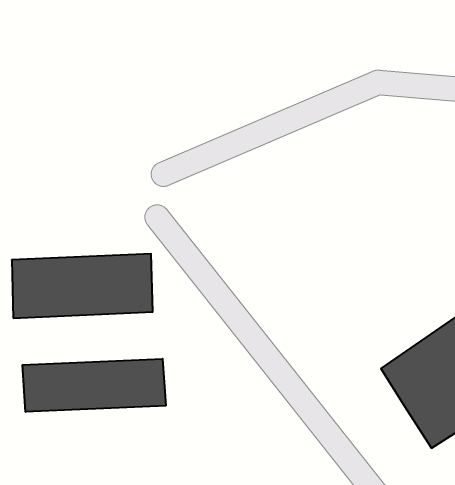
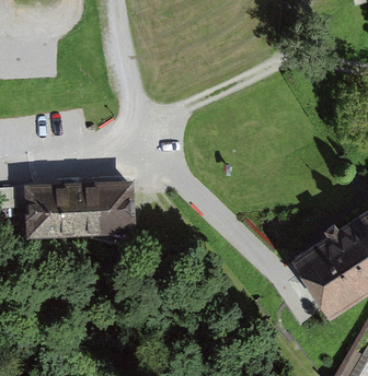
building: [23,359,166,412] -> none

